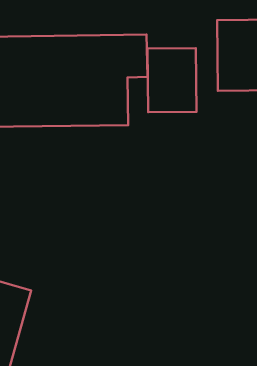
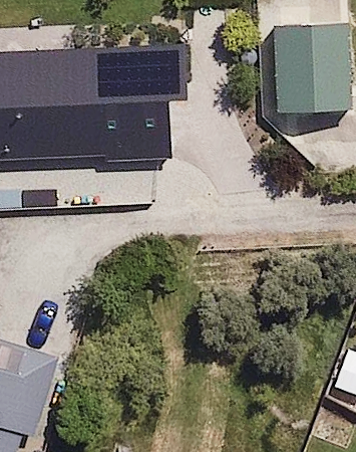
building: [147,48,197,112] -> none

